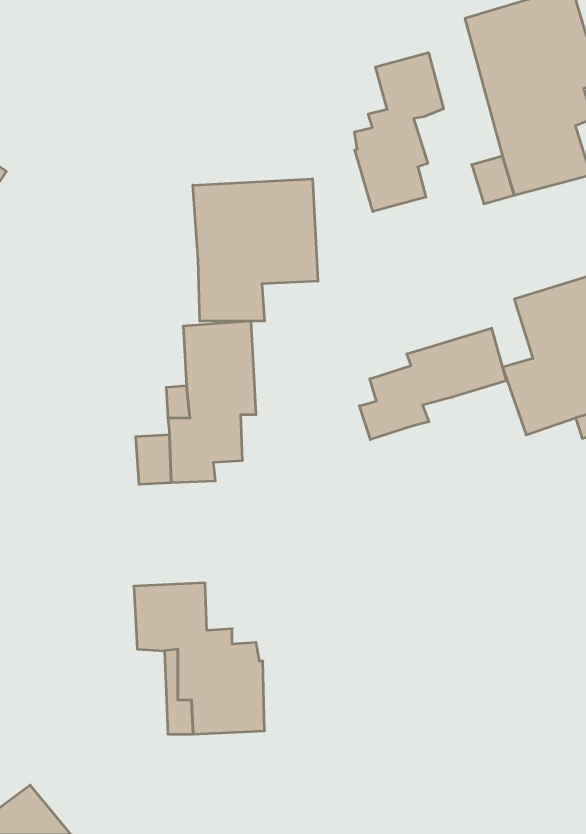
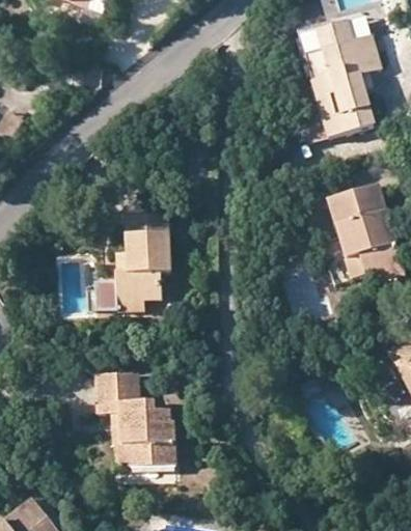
building: [355,53,443,212] -> none
building: [193,179,318,321] -> none
building: [359,328,506,440] -> none

